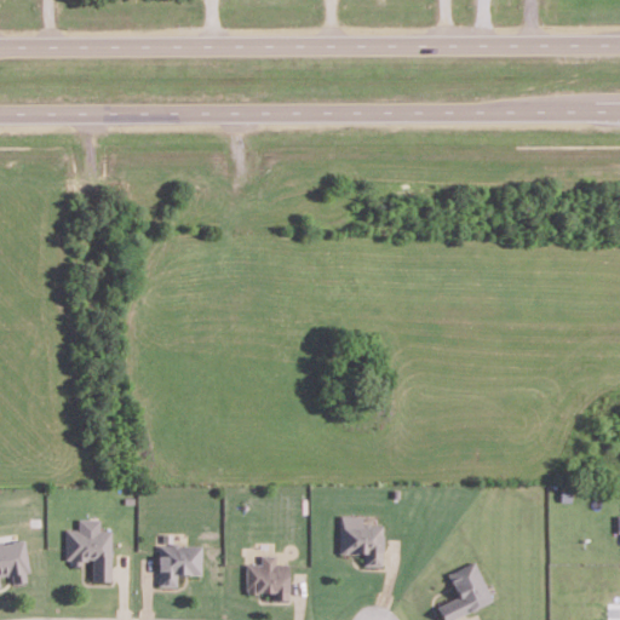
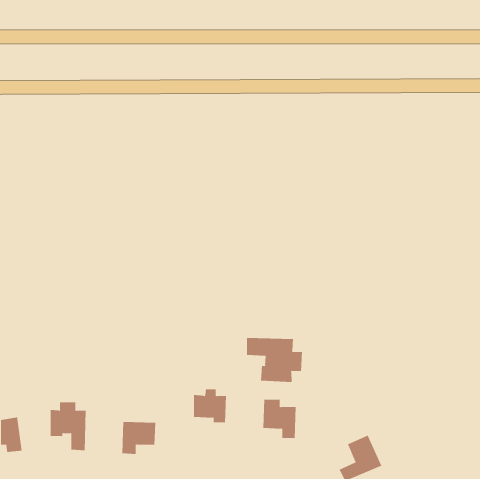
building: none -> [246,337,303,383]
building: [246,557,289,601] -> [193,389,227,423]

